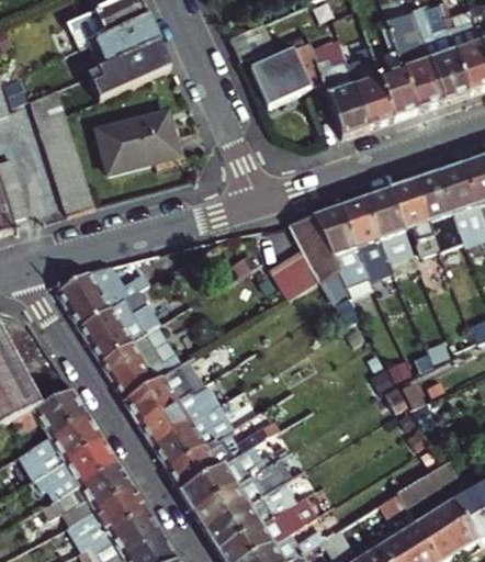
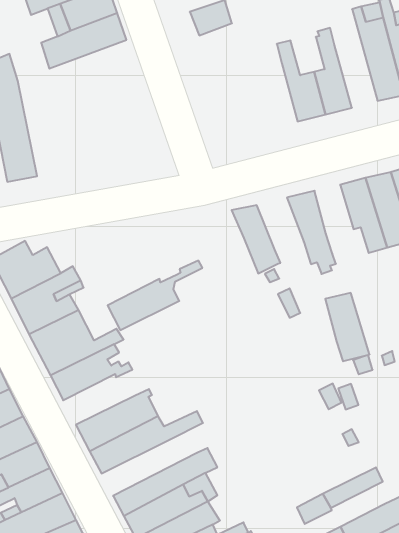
building: [372,18,418,113] -> none
building: [249,36,323,101] -> none
building: [95,109,188,169] -> none
building: [364,189,411,256] -> [325,293,370,361]
building: [309,205,358,257] -> none
building: [266,248,316,300] -> none
building: [137,369,226,442] -> [108,261,202,330]
building: [180,447,271,508] -> none

